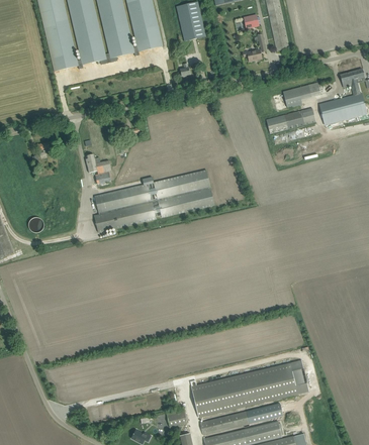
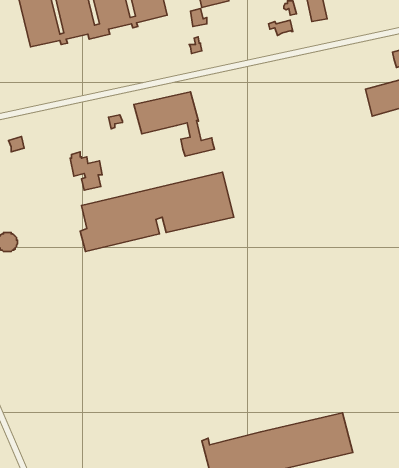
building: [282,82,320,107] -> none
building: none -> [134,92,215,156]
building: [266,107,315,133] -> none

